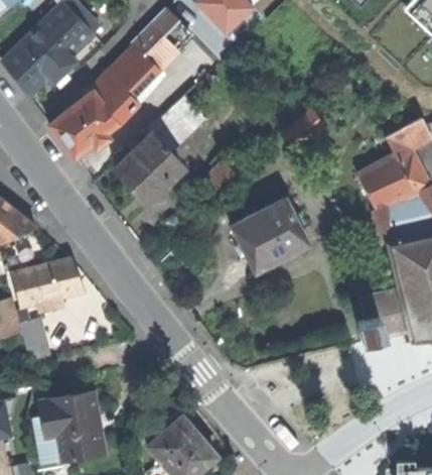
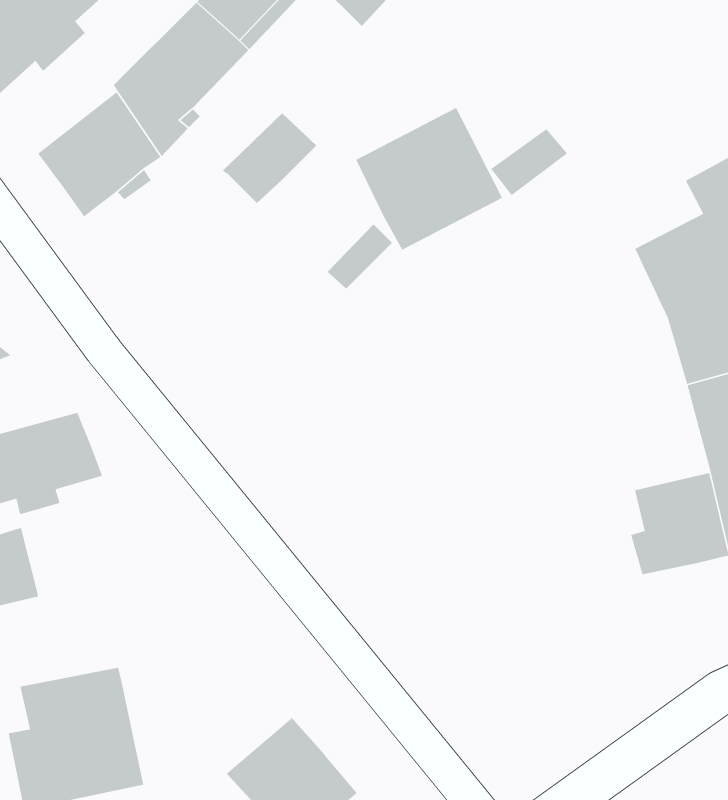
building: [115,135,182,203] -> none
building: [233,198,309,272] -> [355,107,503,251]

